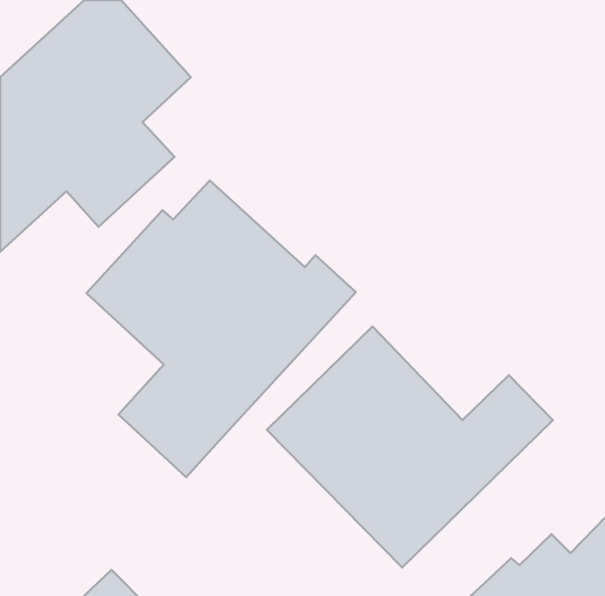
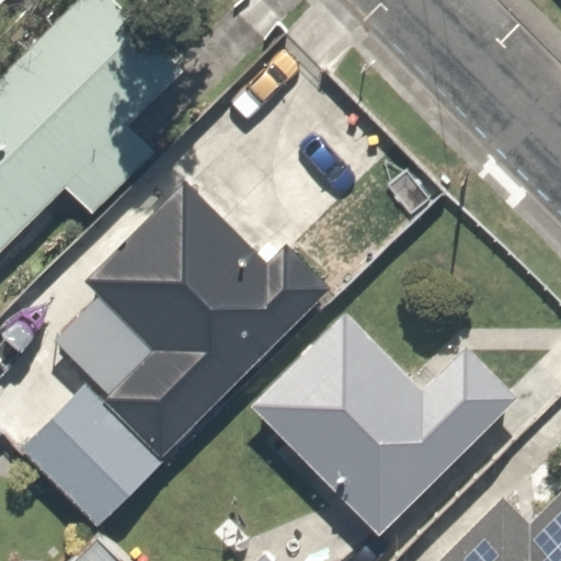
building: none -> [22,390,161,530]

